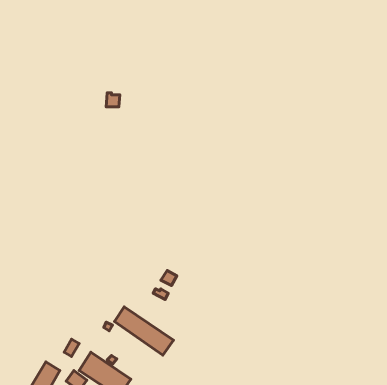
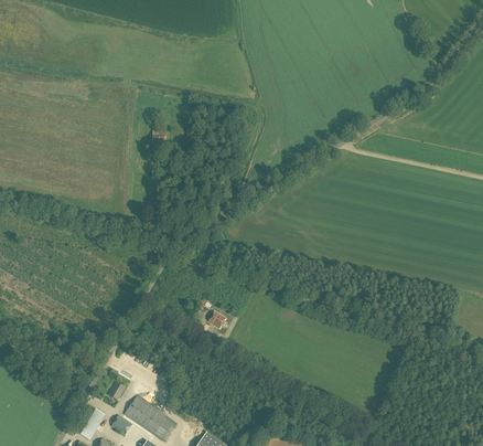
building: [114,307,173,355] -> none

